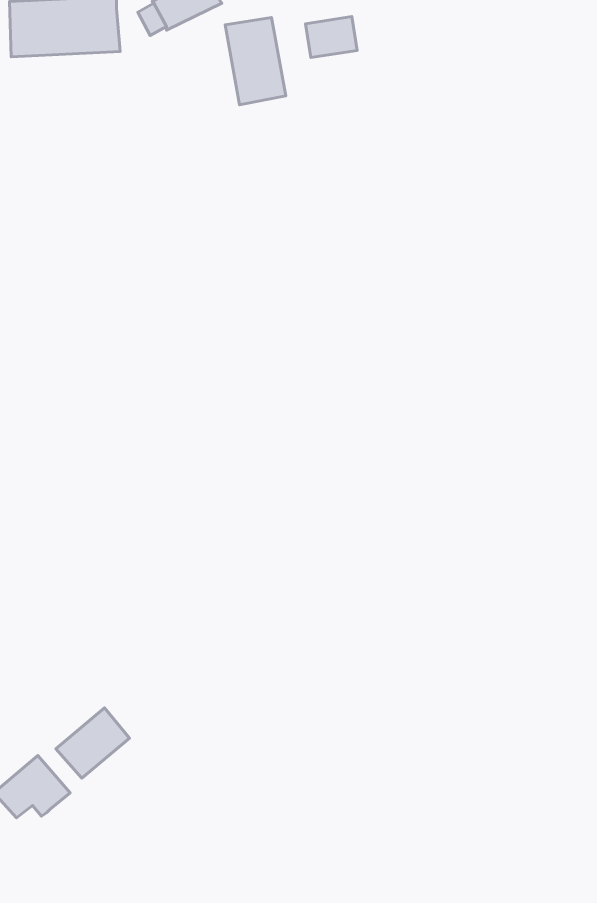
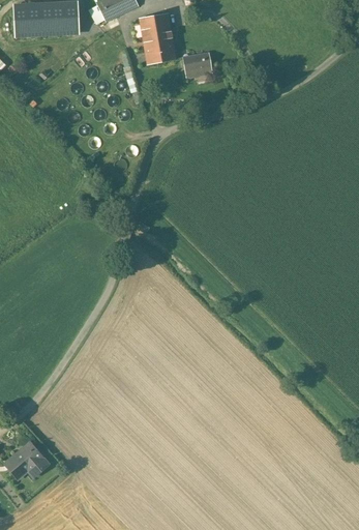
building: [305,17,357,58] -> [182,53,212,77]
building: [56,708,130,778] -> none

